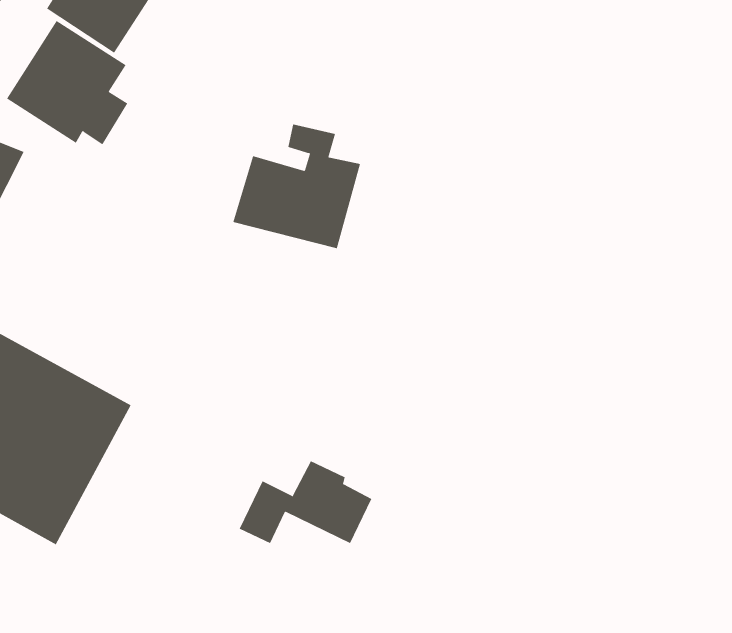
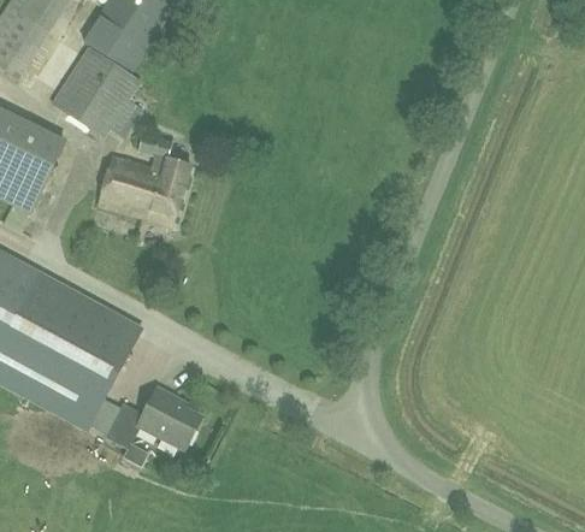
building: [232,124,361,249] -> [98,134,190,224]
building: [239,461,372,544] -> [105,388,201,448]

